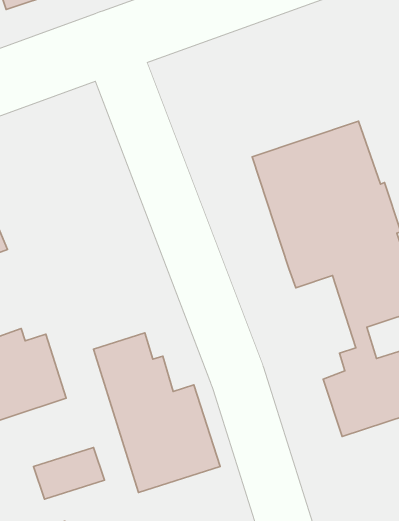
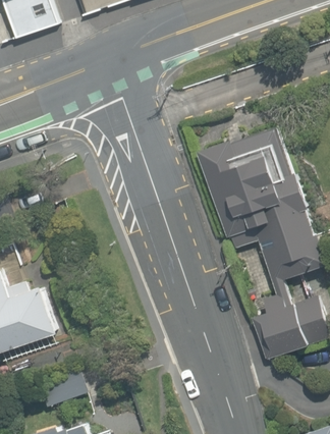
building: [94,333,220,492] -> none

